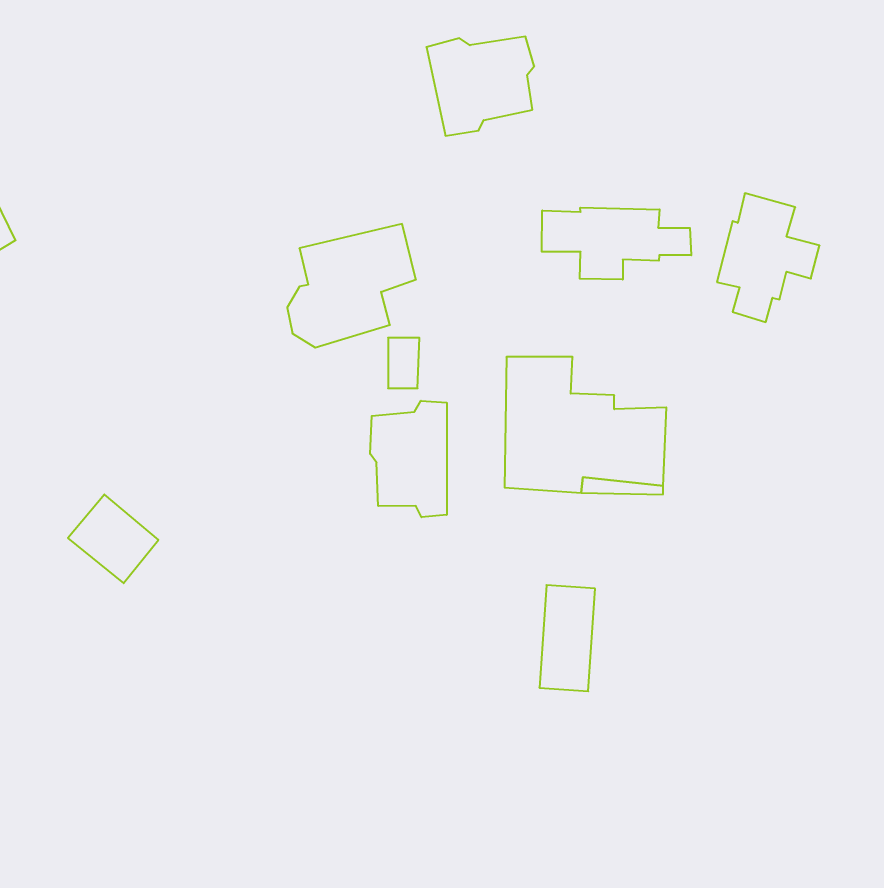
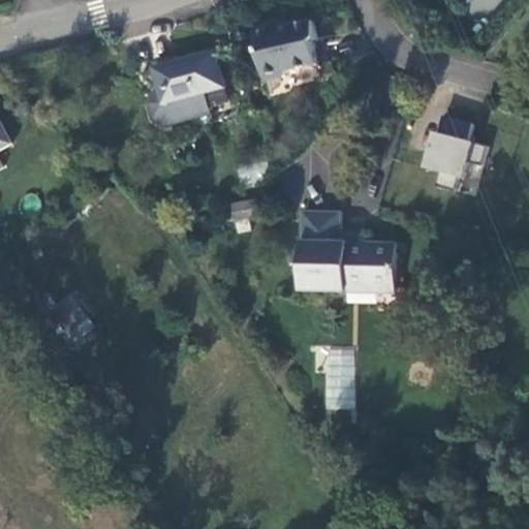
building: [542,208,691,280] -> none
building: [287,224,416,348] -> [147,53,223,126]
building: [370,401,447,517] -> none

